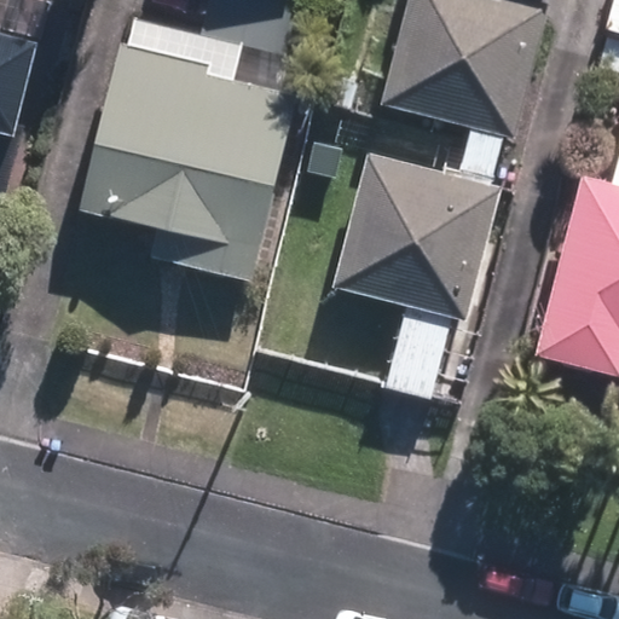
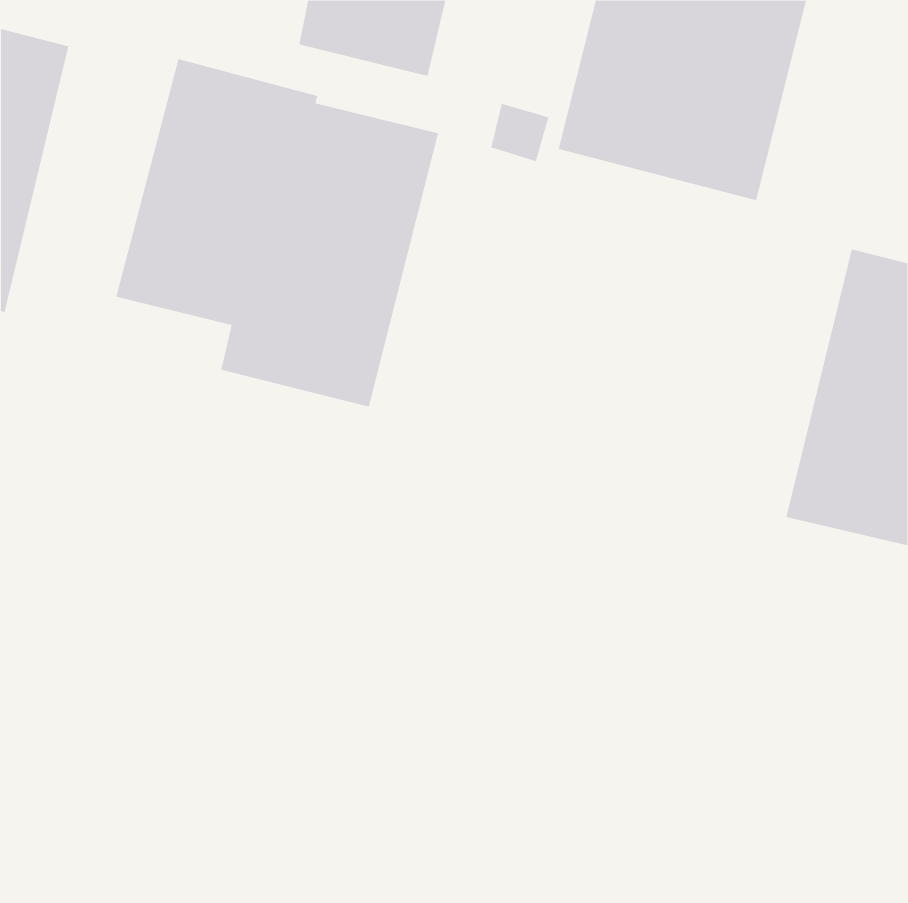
building: [331,150,502,398] -> none

